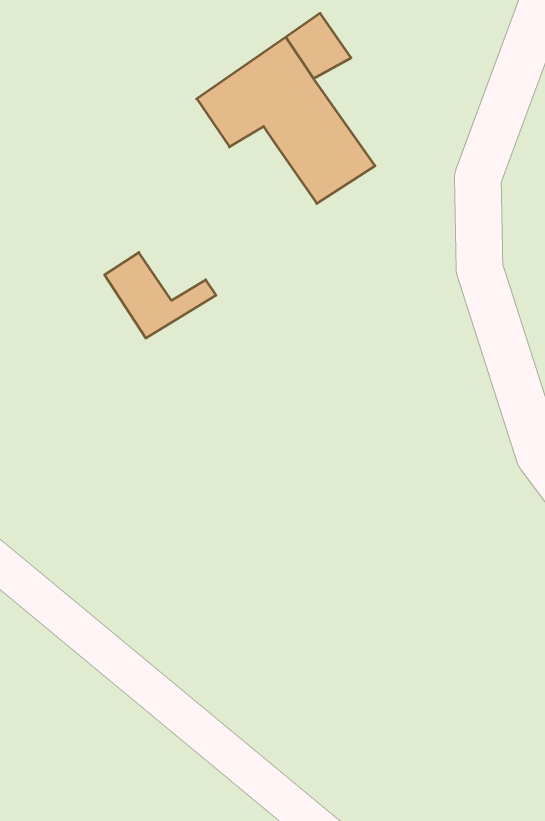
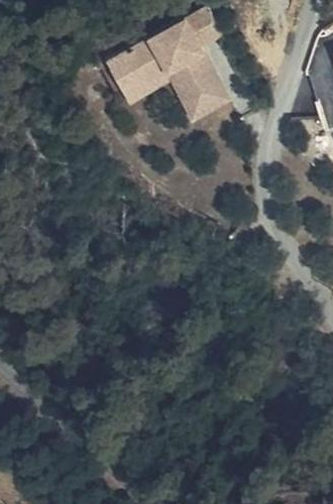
building: [105,252,216,338] -> [103,59,169,110]

